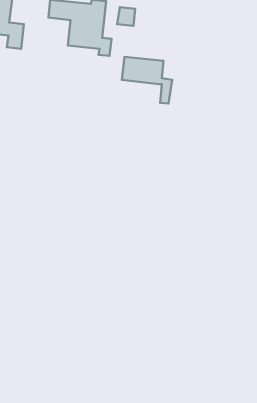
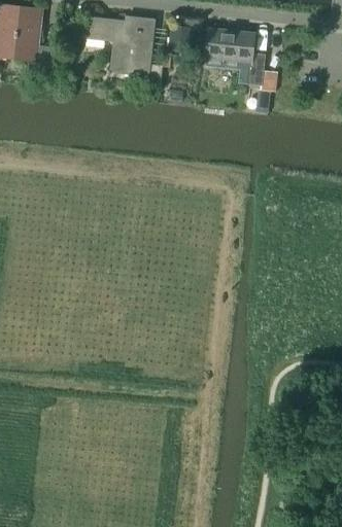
building: [122,57,172,104] -> [203,28,264,84]

